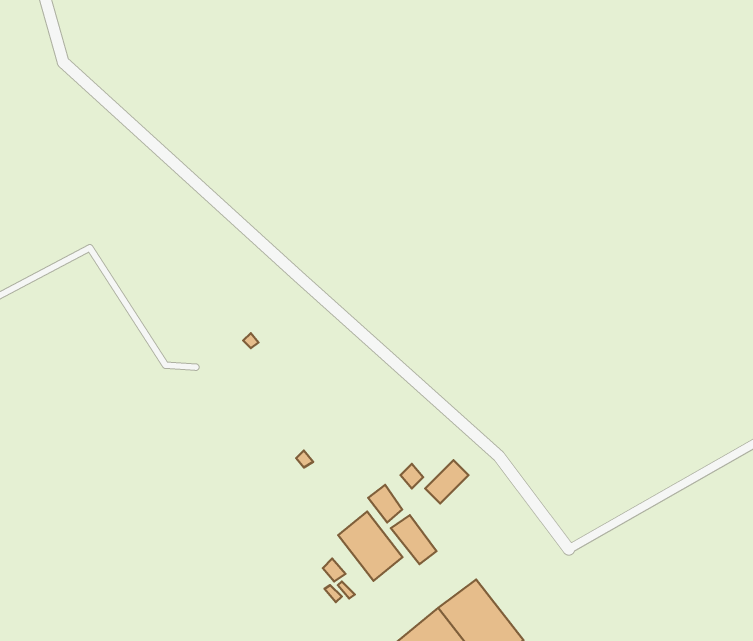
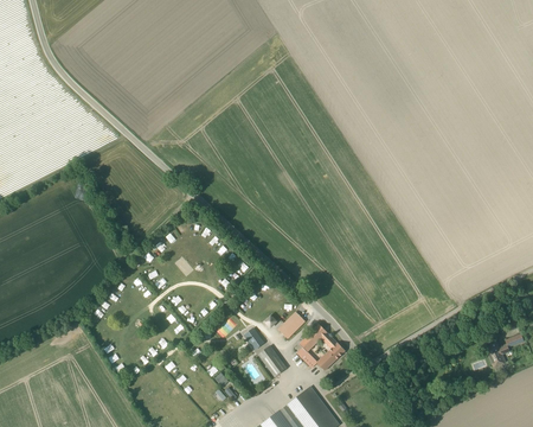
building: none -> [297,324,345,370]
building: [338,512,403,581] -> none

